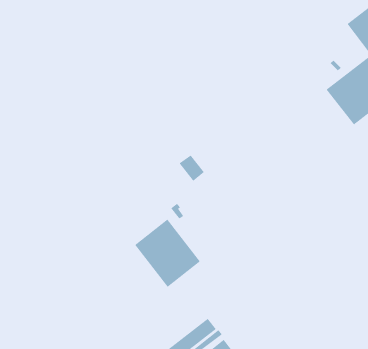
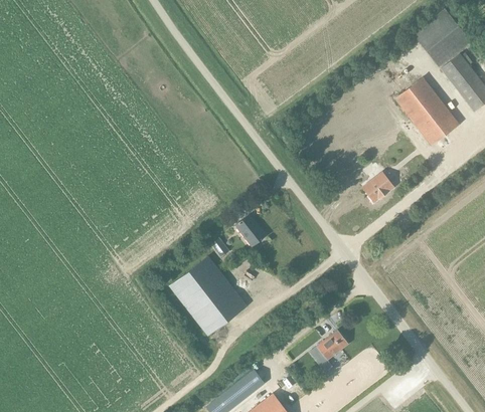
building: none -> [362,171,392,201]
building: [178,154,205,182] -> [234,214,265,245]
building: none -> [316,329,348,360]

